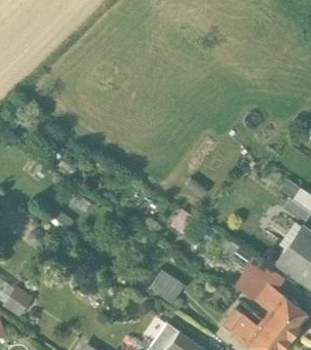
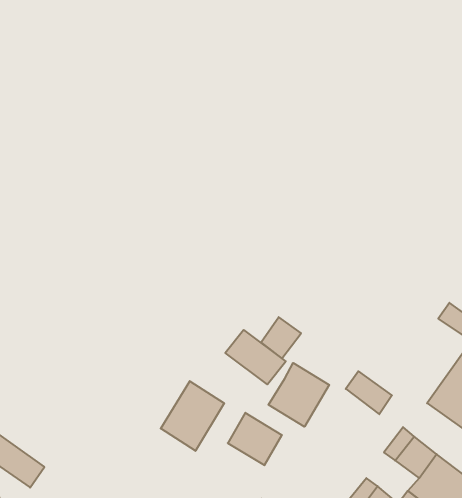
building: none -> [225,330,286,384]
building: none -> [268,363,329,427]
building: none -> [161,381,224,451]

